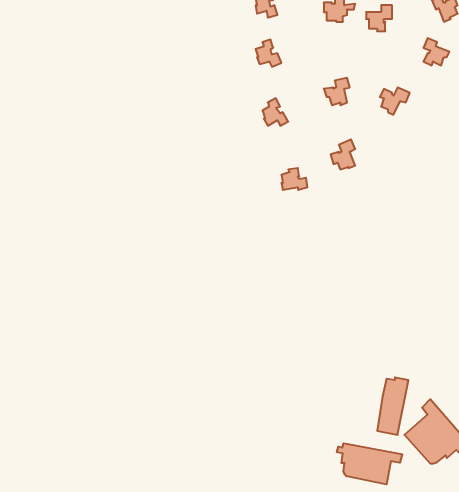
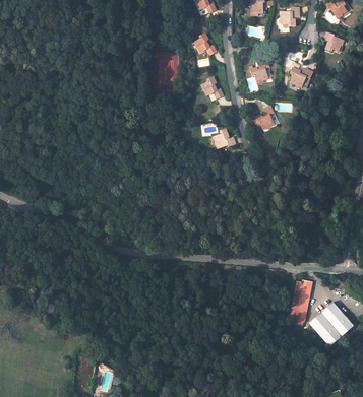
building: [337,443,402,484] -> none

